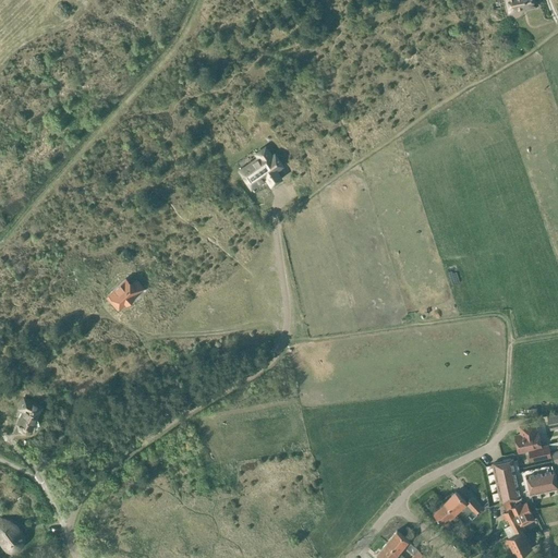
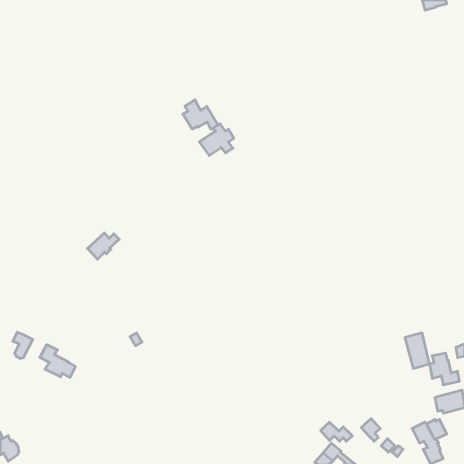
building: none -> [183,100,218,129]
building: none -> [40,345,75,377]
building: [493,461,522,504] -> [405,333,429,368]
building: [446,493,484,515] -> [321,422,352,441]

